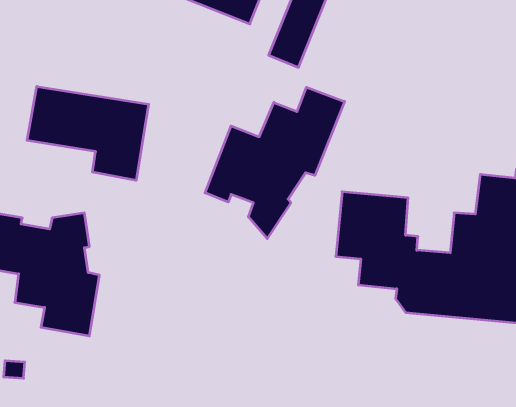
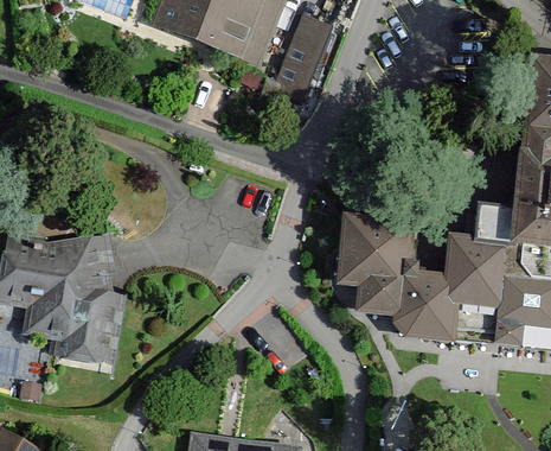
building: [27,86,149,180] -> none
building: [205,87,345,239] -> none

